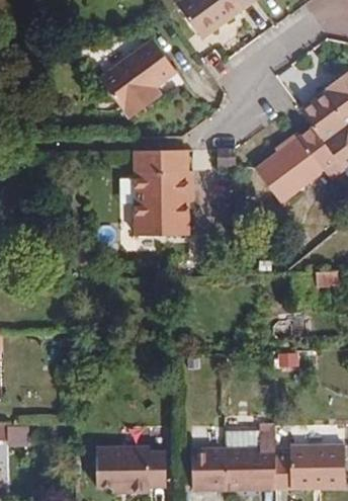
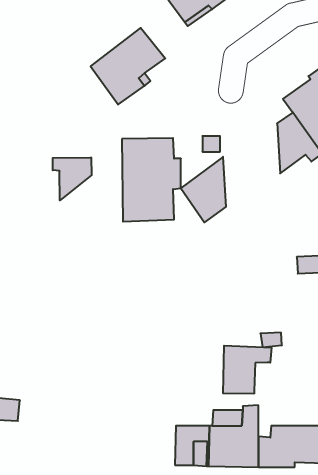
building: [252,136,298,203] -> [181,157,226,222]
building: none -> [53,157,92,200]
building: none -> [223,346,272,394]
building: [110,444,167,487] -> none

